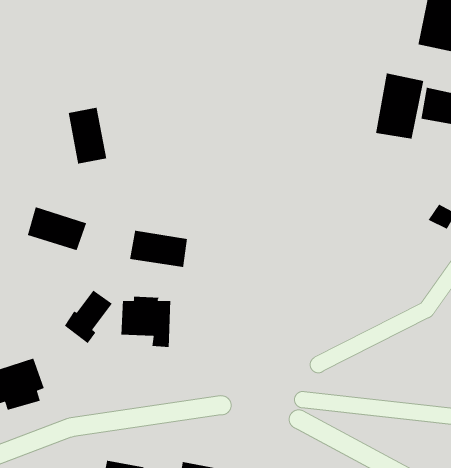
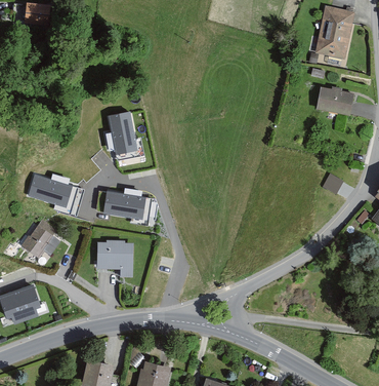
building: [375,73,424,140] -> none
building: [68,107,107,164] -> [109,112,137,154]
building: [64,289,113,344] -> [22,220,57,260]

